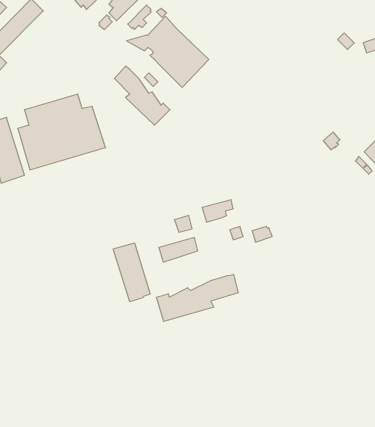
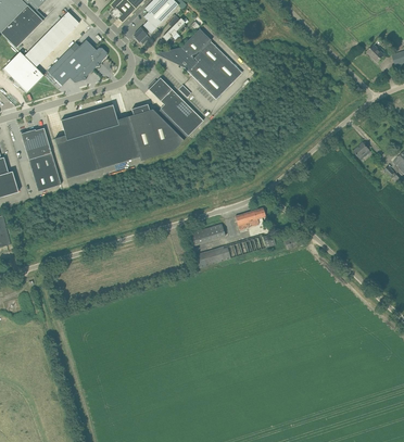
building: none -> [47,39,106,85]
building: none -> [127,103,188,160]
building: [113,243,150,302] -> none
building: [156,274,238,321] -> none

